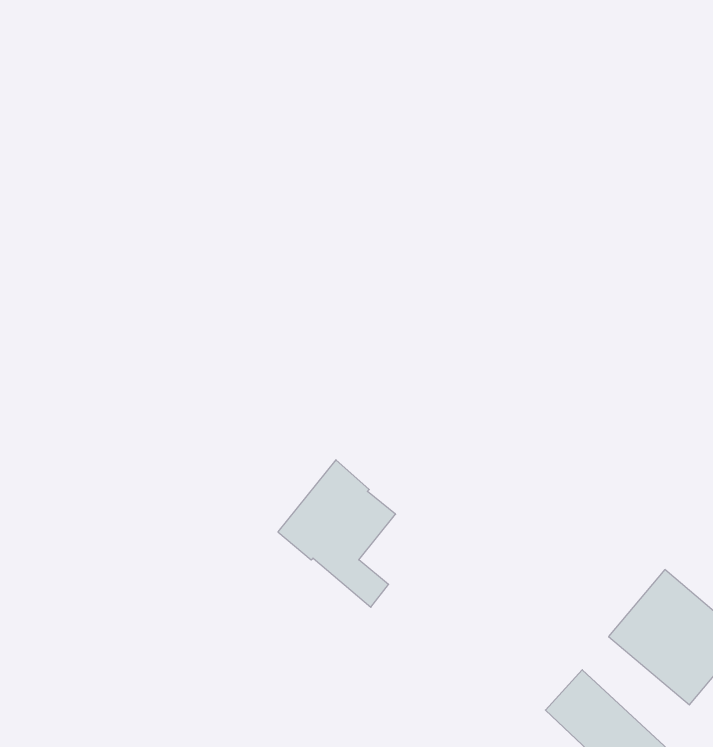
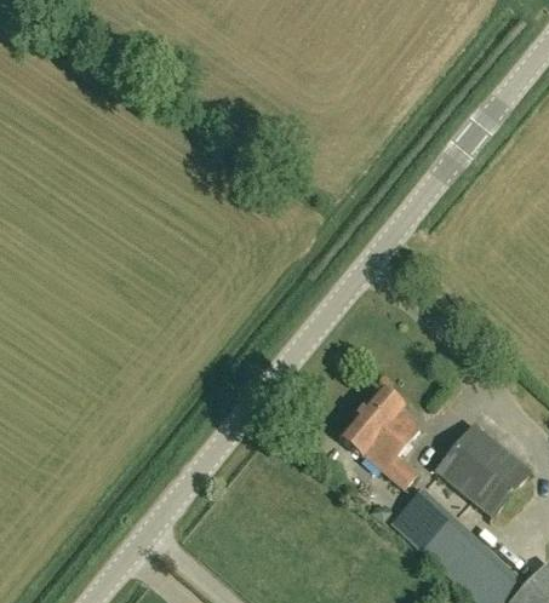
building: [278,460,396,607] -> [341,386,422,488]

